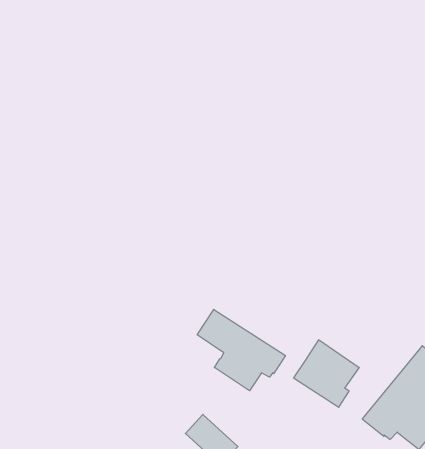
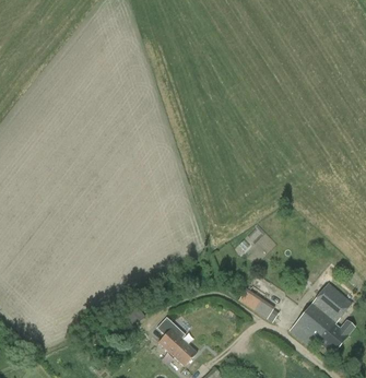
building: [197,309,285,391] -> none

